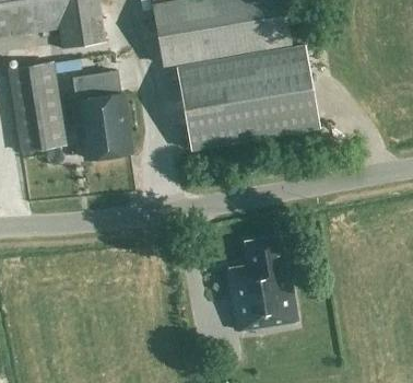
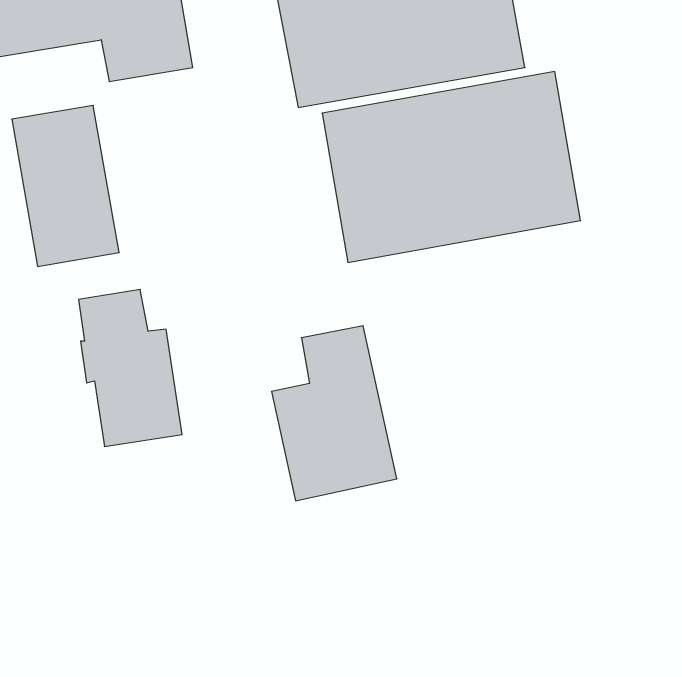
building: [73,71,130,158] -> [79,289,182,446]
building: [229,235,298,332] -> [272,326,397,501]

